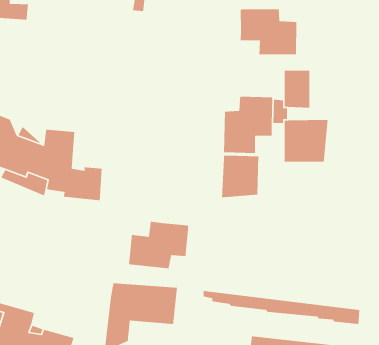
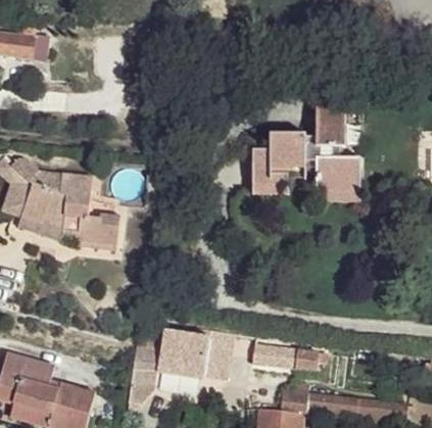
building: [240,9,297,55] -> none
building: [221,155,259,198] -> none
building: [128,221,189,269] -> none

